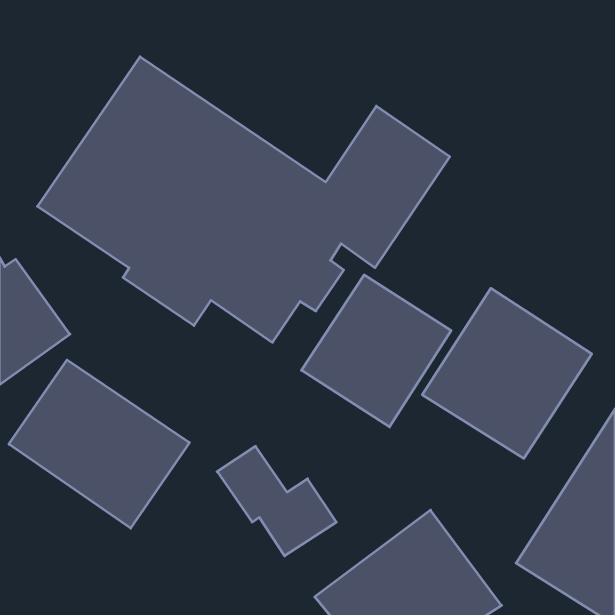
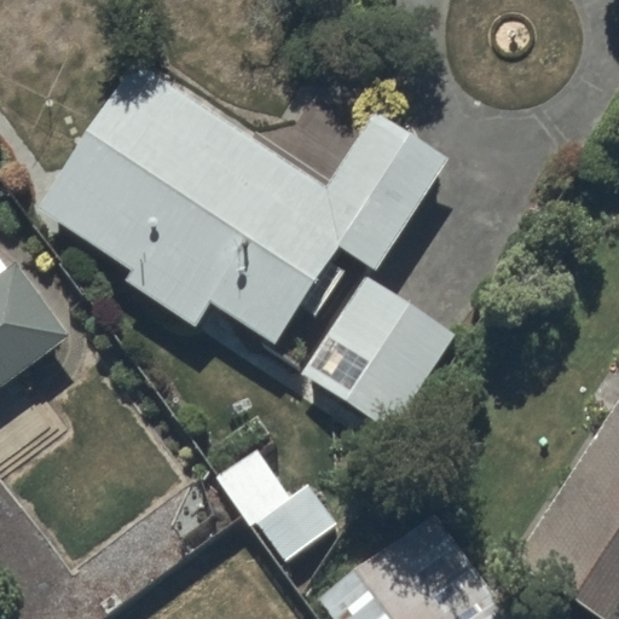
building: [422,288,592,458] -> none
building: [9,360,189,528] -> none

